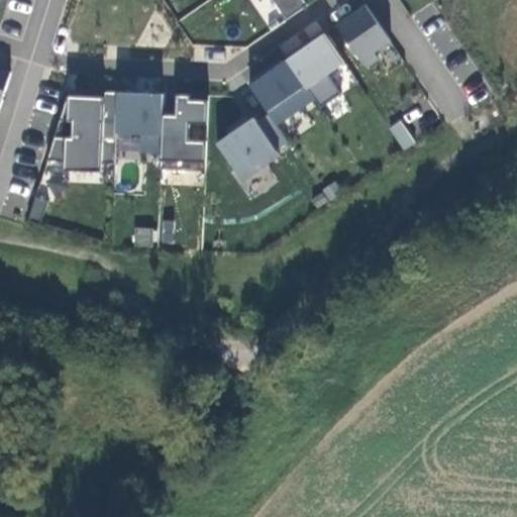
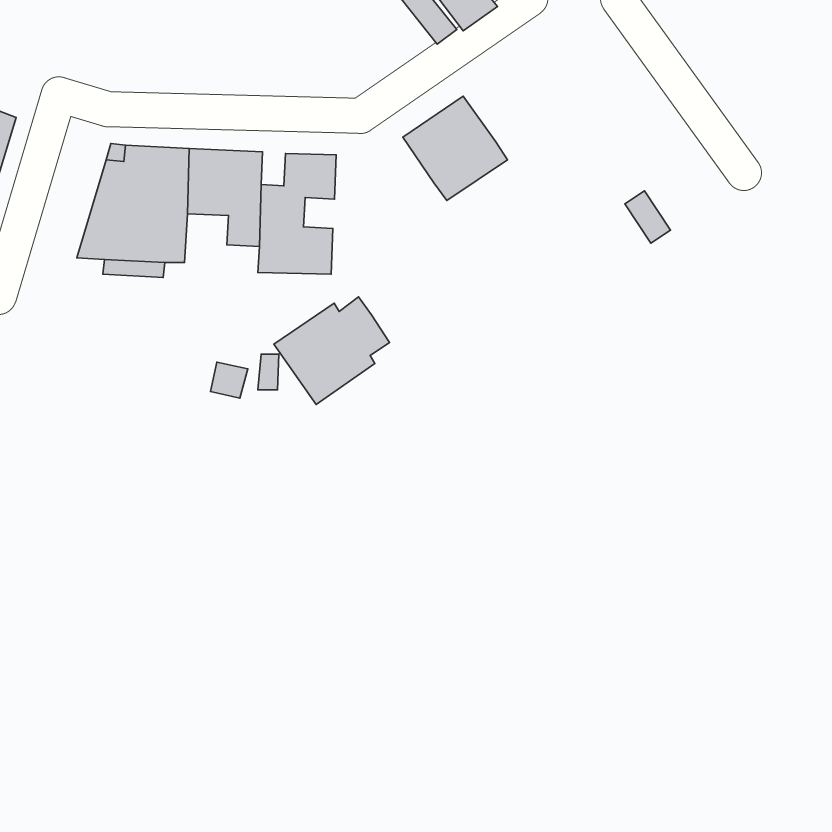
building: [336,4,391,67] -> none
building: [287,33,344,88] -> none
building: [216,113,288,180] -> [274,297,390,404]

